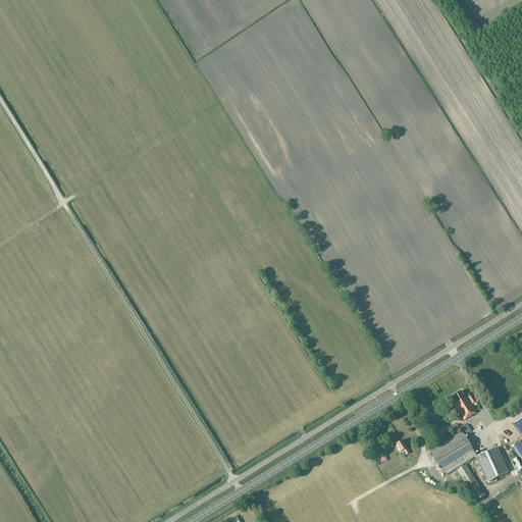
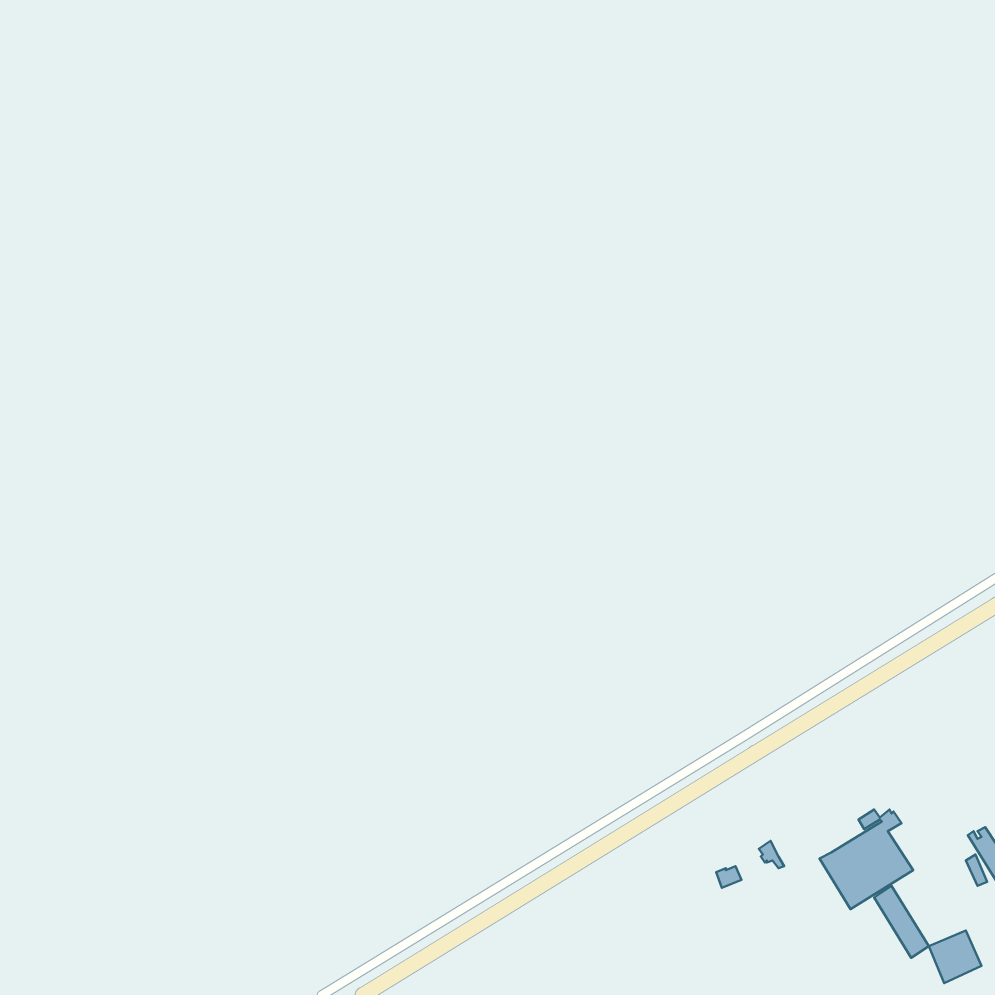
building: [453,389,478,420] -> none
building: [478,447,506,474] -> [929,931,981,983]

